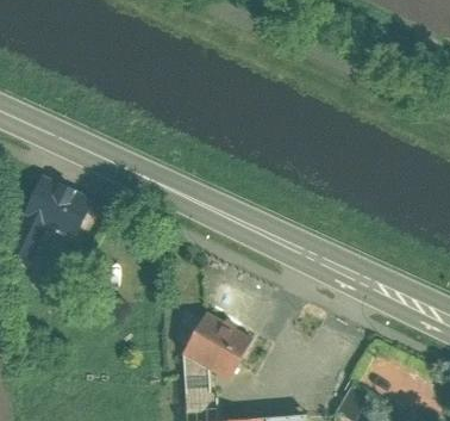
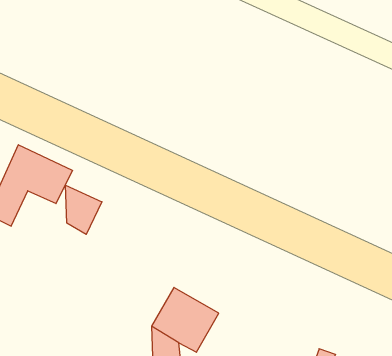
building: none -> [65,185,102,234]

